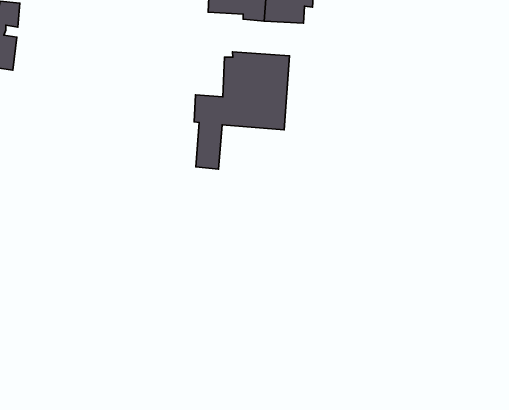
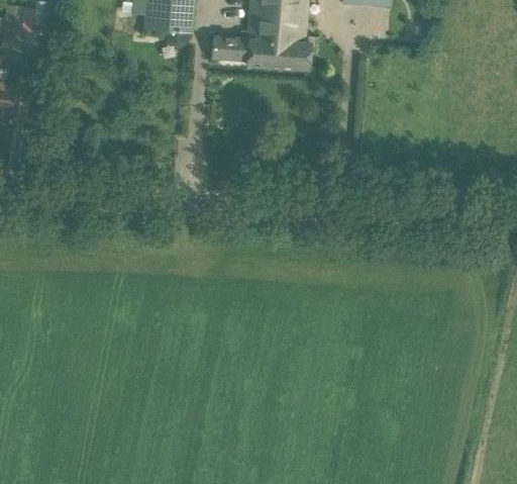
building: [194,52,289,169] -> none

